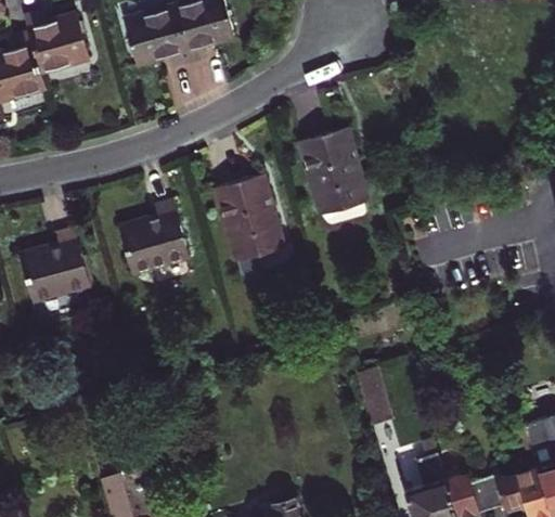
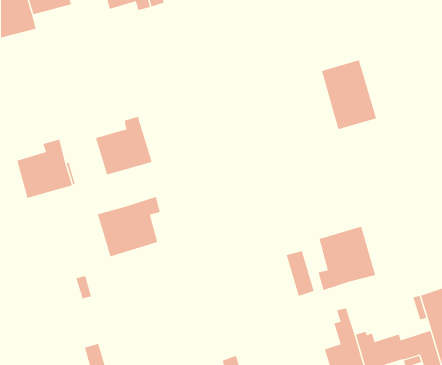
building: [300,127,370,215] -> [321,60,377,130]
building: [216,173,285,280] -> none
building: none -> [97,196,161,257]
building: none -> [318,226,376,291]

